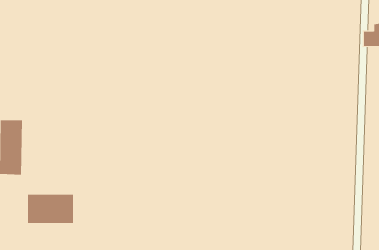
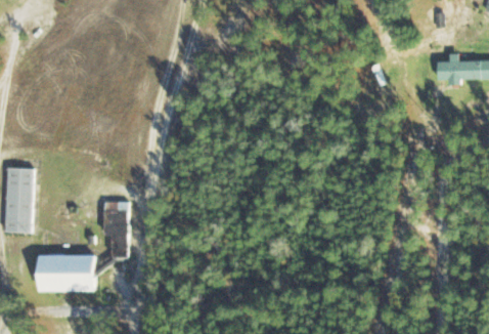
building: none -> [104,201,129,257]

